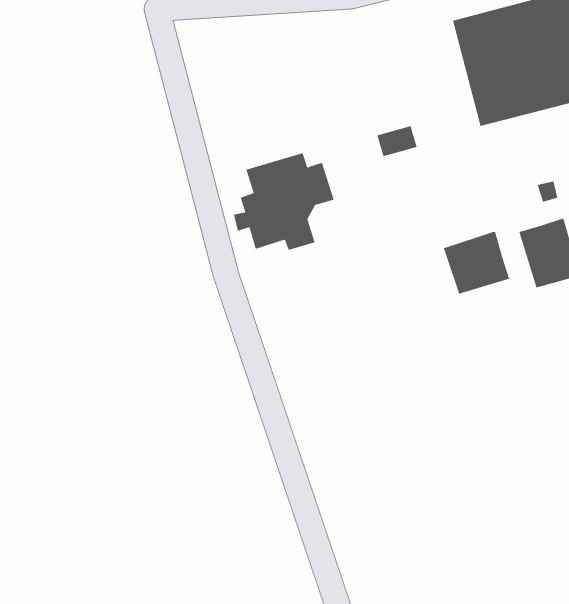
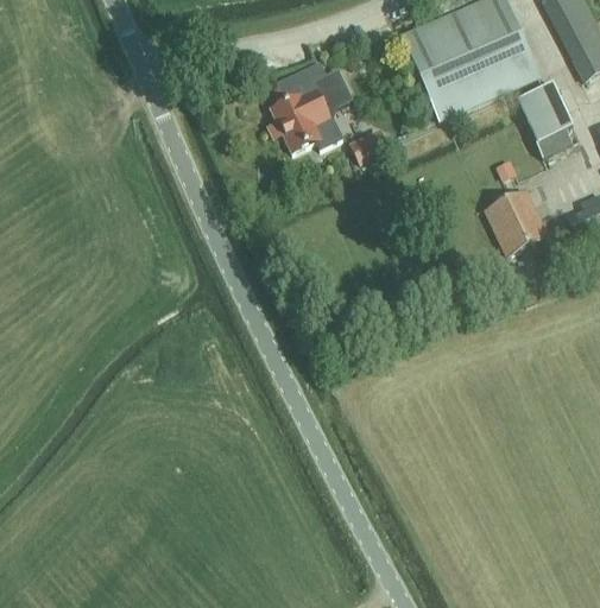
building: [233,152,334,251] -> [267,61,353,151]
building: [443,231,510,294] -> none

